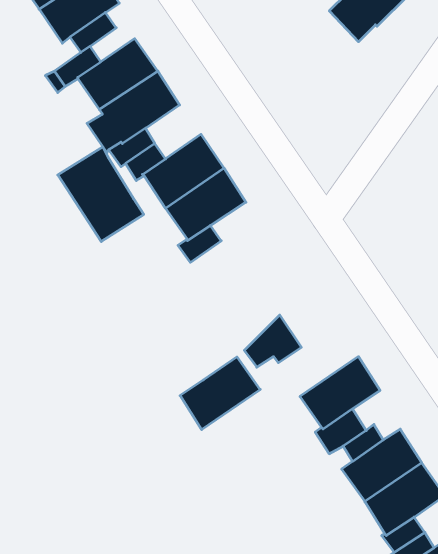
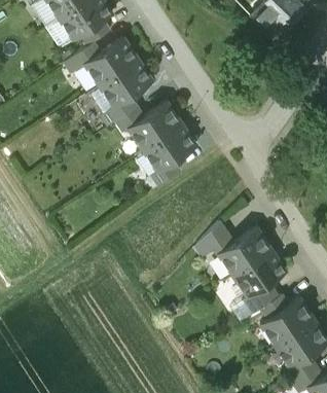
building: [58,147,144,242] -> none
building: [180,357,260,430] -> [217,227,270,276]

